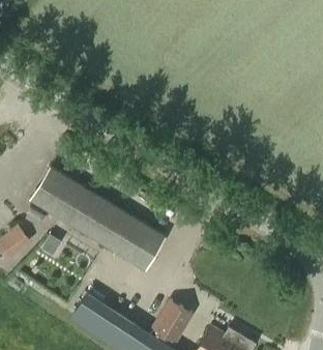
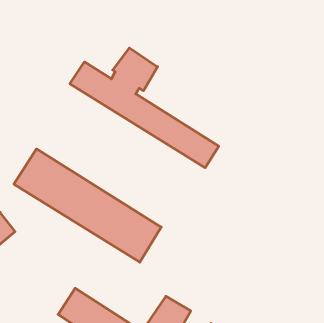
building: none -> [70,48,219,168]

